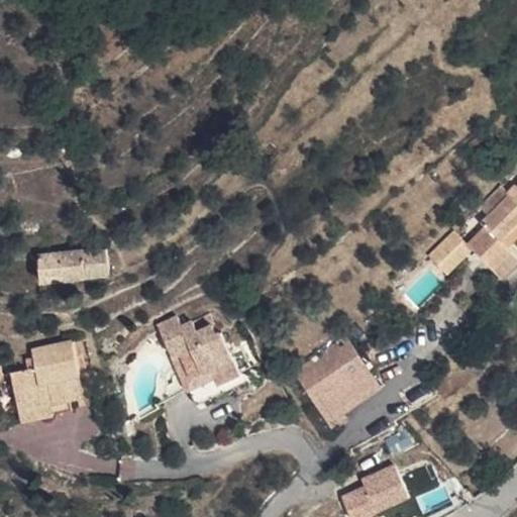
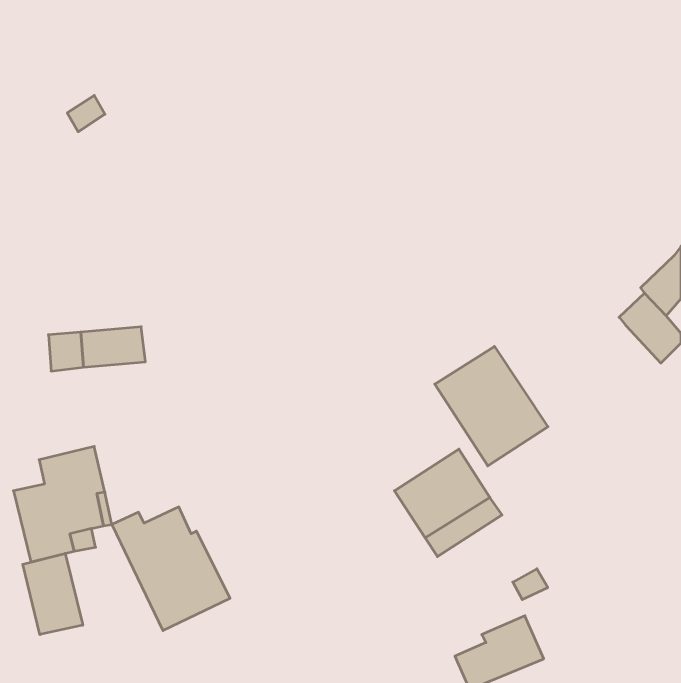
building: [428,230,470,272] -> none
building: none -> [435,346,548,466]
building: [156,313,244,406] -> [112,507,230,631]
building: none -> [23,553,83,635]

